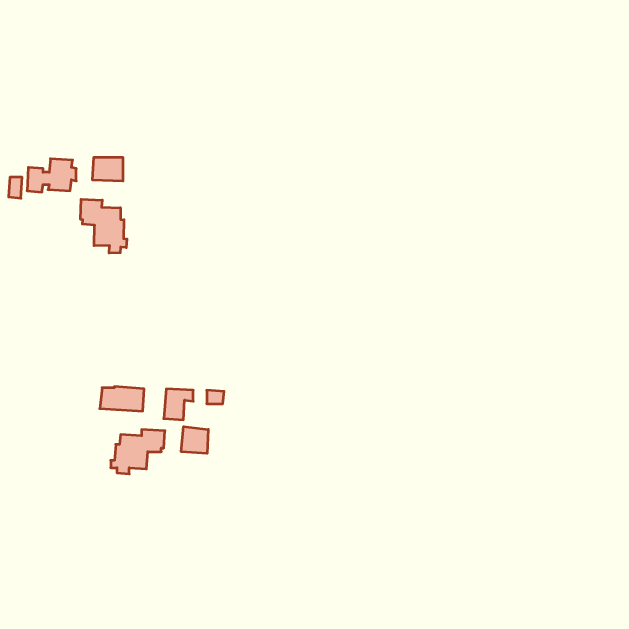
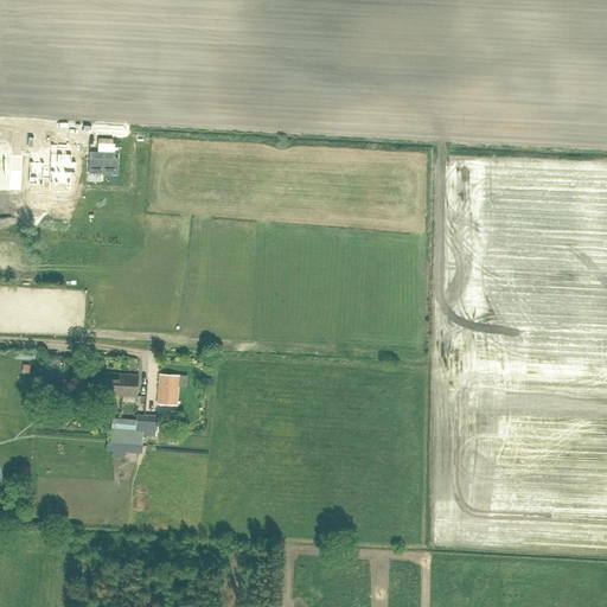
building: [81,199,127,253] -> none
building: [181,427,208,453] -> none

